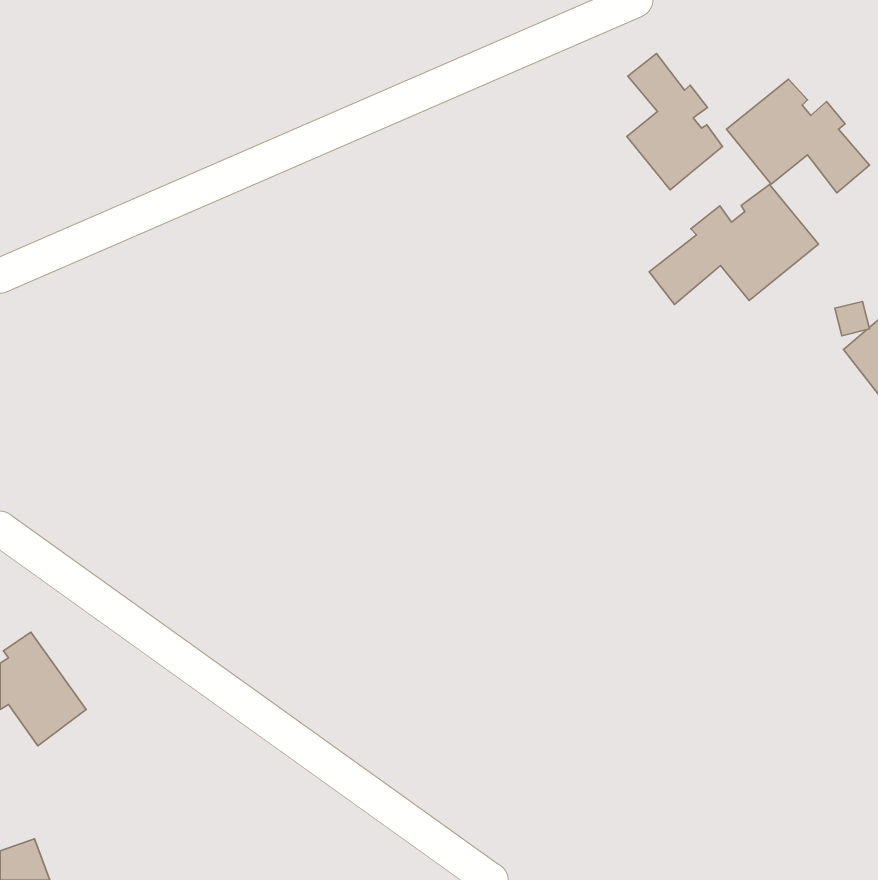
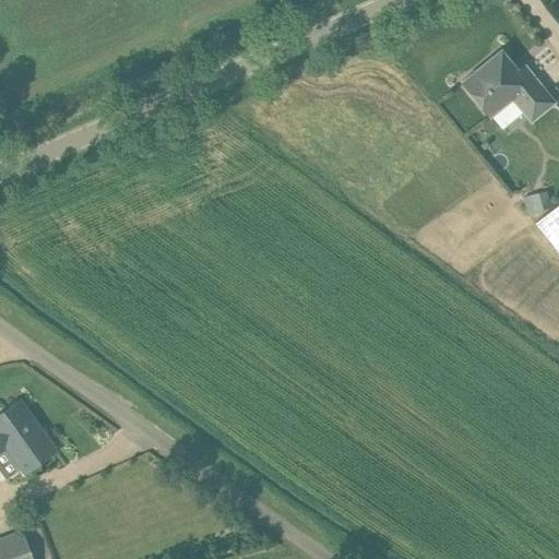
building: [627,54,723,190] -> none
building: [649,184,818,305] -> none

